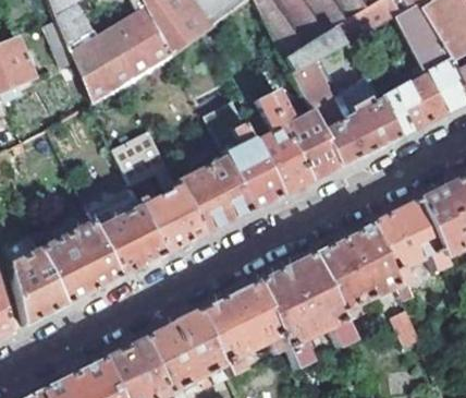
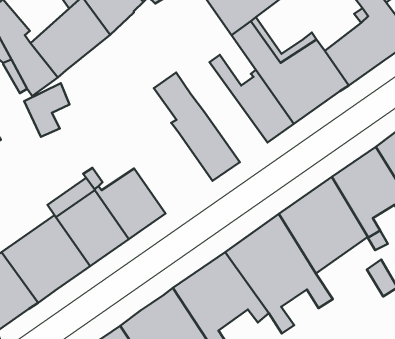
building: [254,95,310,196] -> none
building: [114,132,158,181] -> [24,83,70,137]
building: [174,158,252,236] -> none

